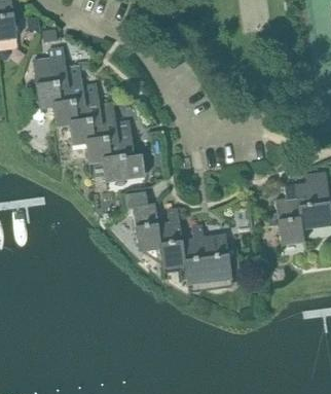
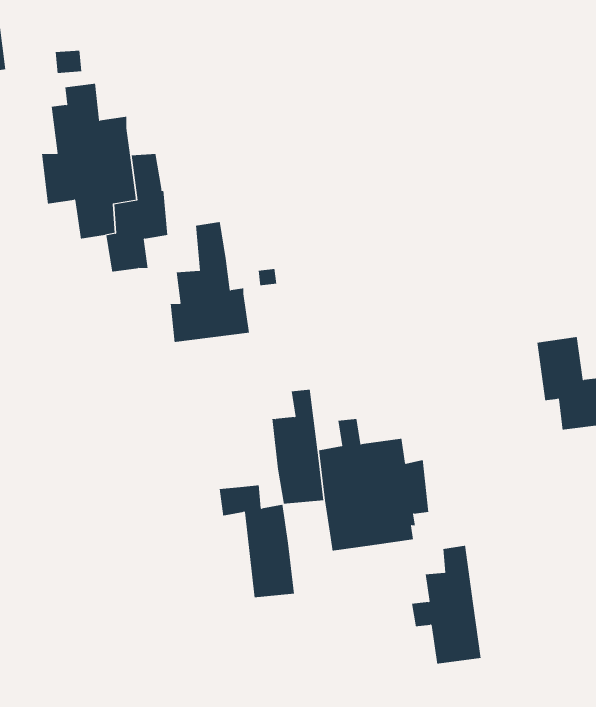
building: [86,101,118,165] -> none
building: [267,183,304,246] -> [411,545,481,664]
building: [119,192,159,252] -> [219,485,295,598]

